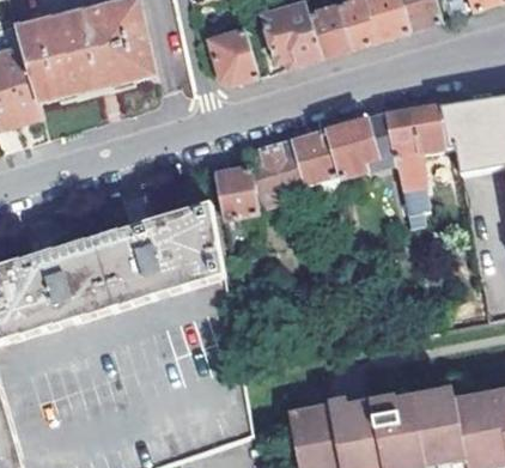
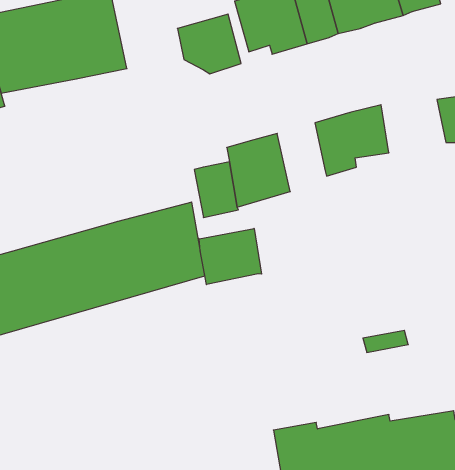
building: [388,104,448,238] -> none
building: [292,129,336,183] -> none
building: none -> [199,228,261,285]

